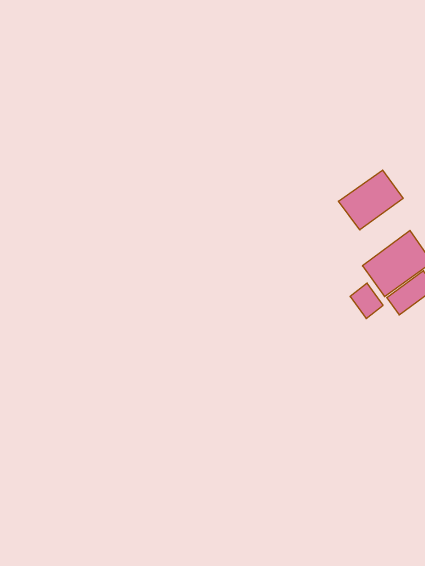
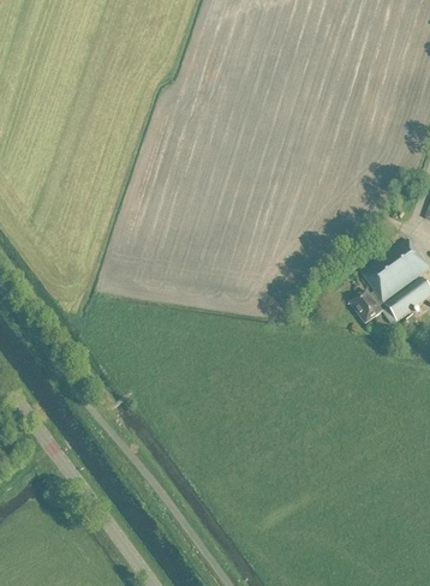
building: [338,170,403,230] -> none

